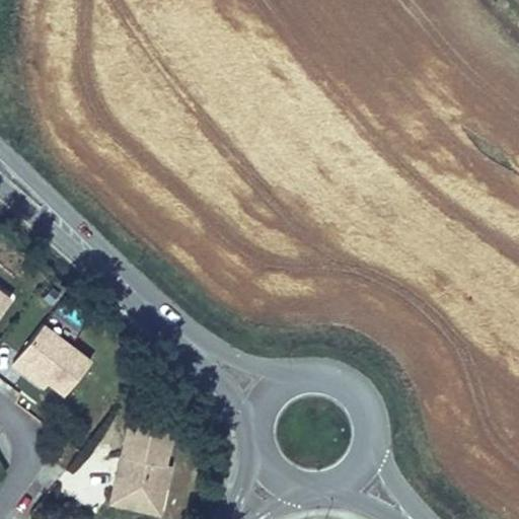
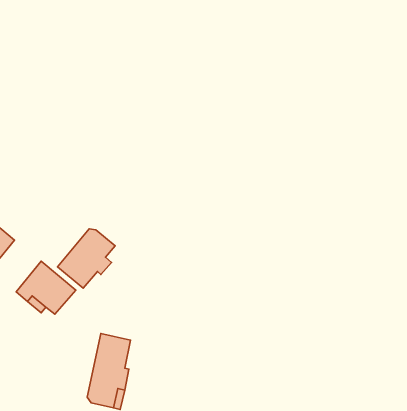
building: none -> [58,229,115,288]

